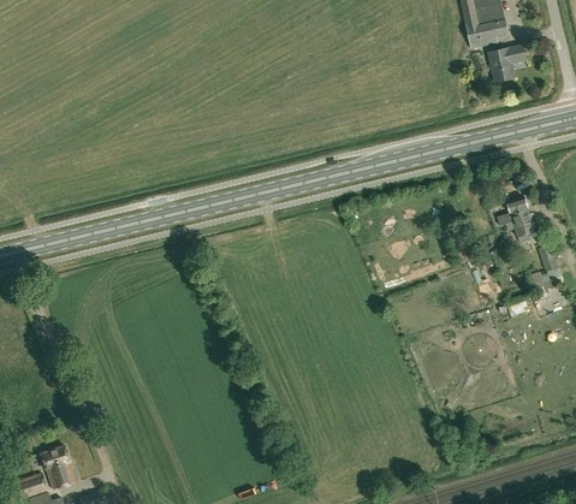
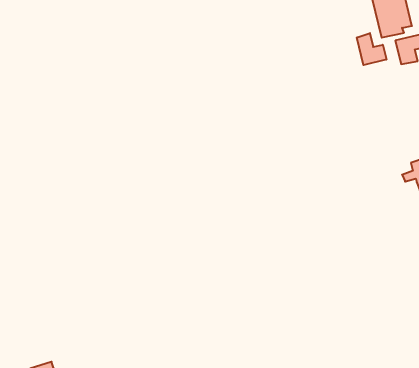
building: none -> [357,33,386,65]

